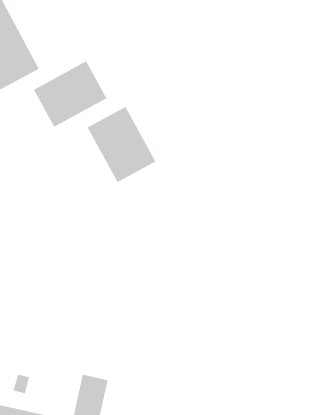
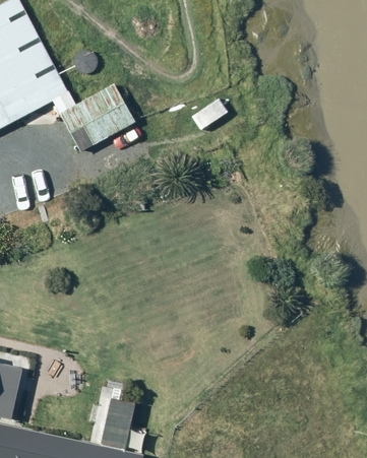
building: [86,106,156,183] -> none

